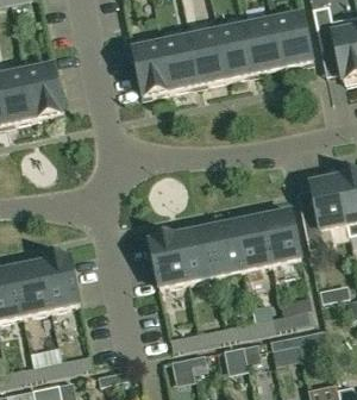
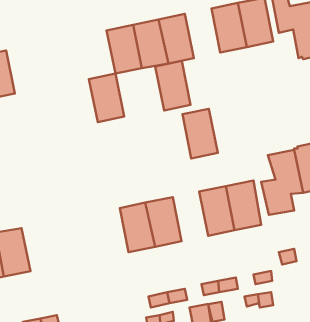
building: [218,26,256,80] -> [155,61,191,110]
building: [25,65,63,118] -> [89,74,124,122]
building: [205,224,243,277] -> [182,109,218,158]
building: [42,257,80,310] -> none

